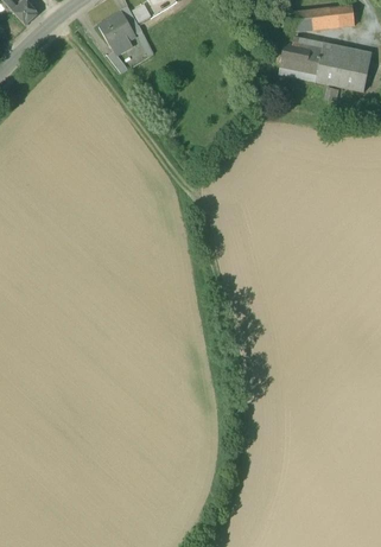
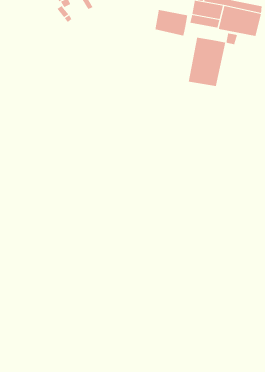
building: none -> [155,9,188,36]
building: none -> [188,37,226,87]

